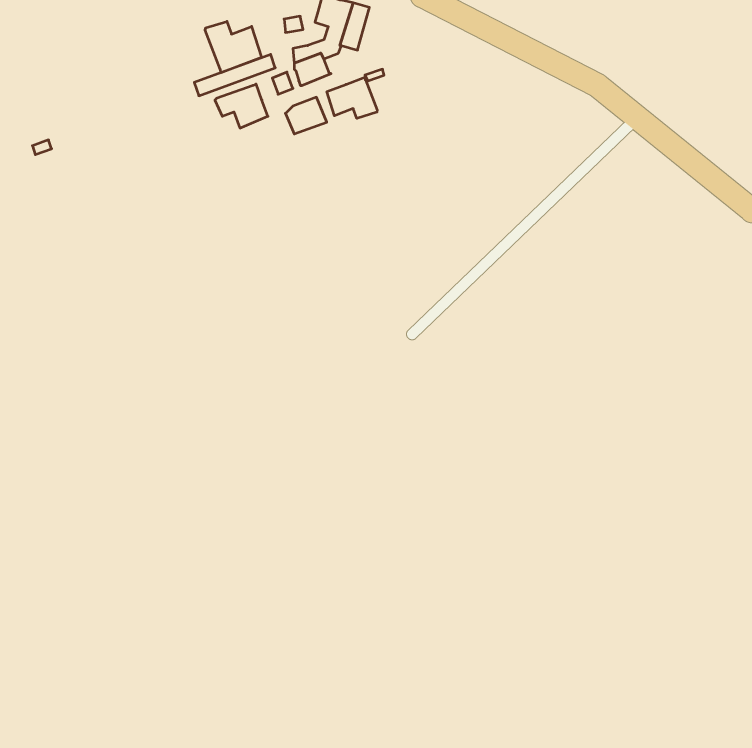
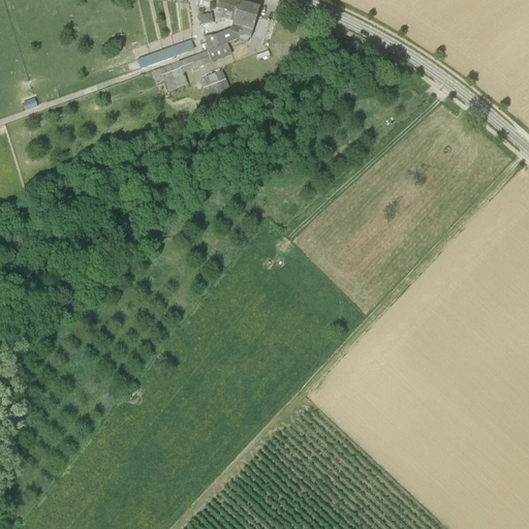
building: [205,21,261,73] -> none
building: [327,77,377,118] -> none

